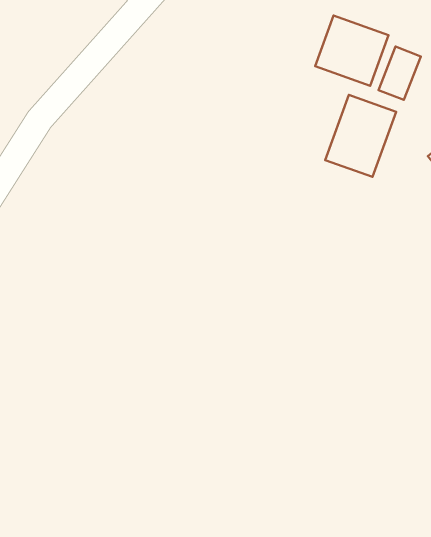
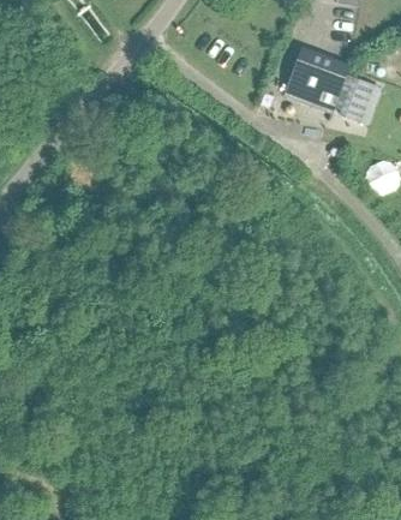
building: [325,95,396,177] -> none

